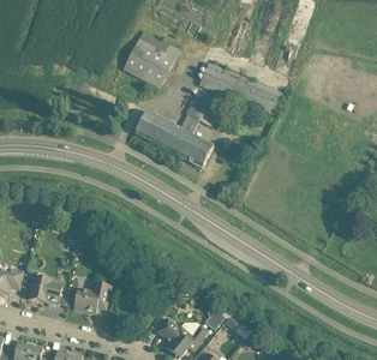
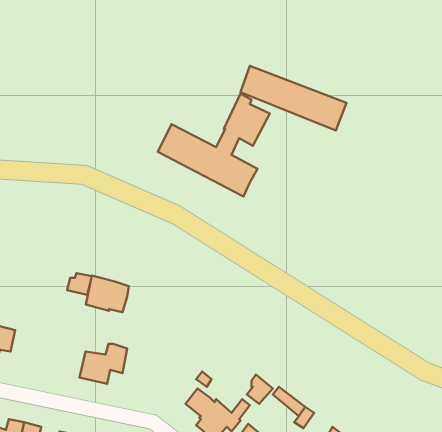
building: [122,30,179,89] -> none
building: [29,275,62,304] -> [86,275,129,312]

